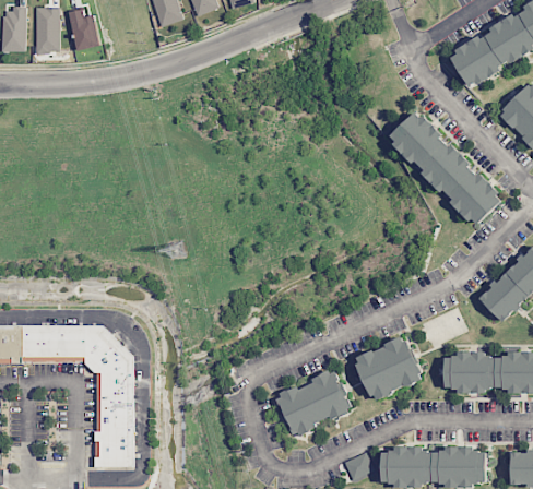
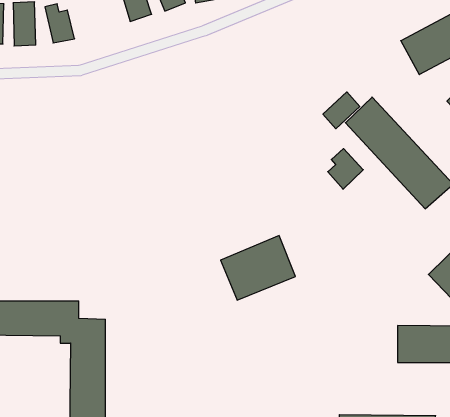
building: none -> [323,92,360,129]
building: none -> [328,149,363,189]
building: [354,336,423,399] -> none
building: [273,368,353,437] -> [221,236,295,300]

